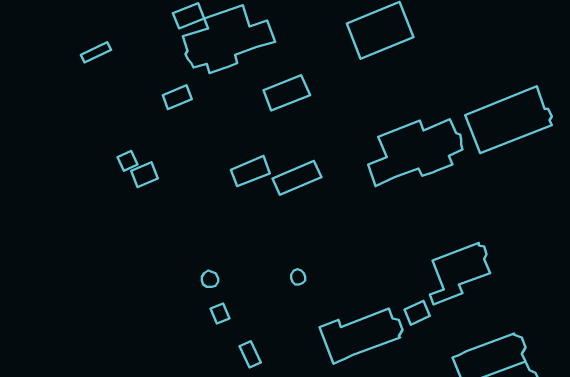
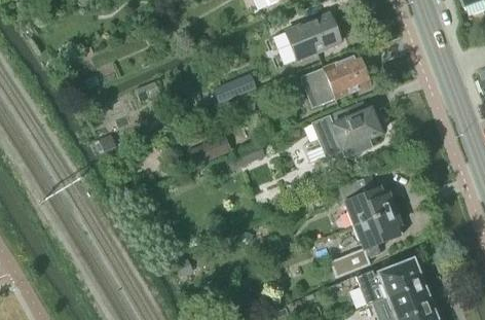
building: [183,5,275,73] -> none
building: [465,86,552,153] -> [299,52,370,107]
building: none -> [333,175,394,223]
building: [320,308,403,364] -> [357,259,424,305]

